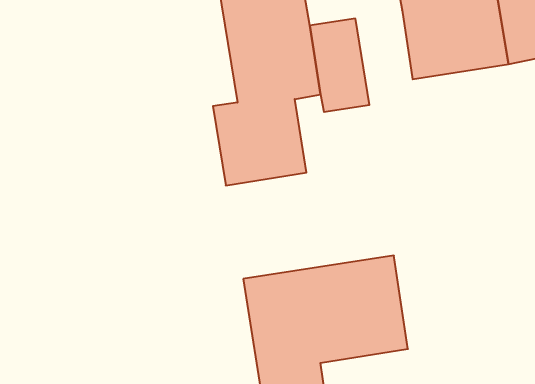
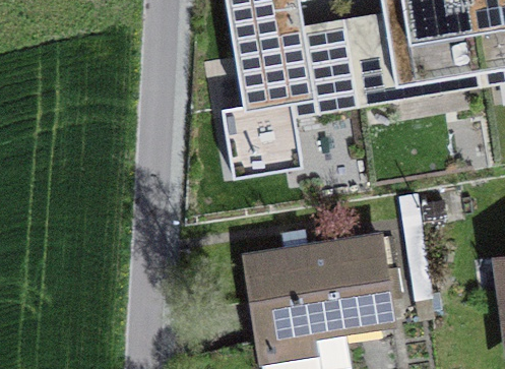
building: none -> [344,22,397,105]

